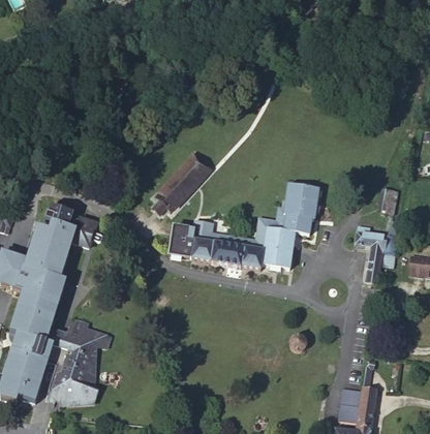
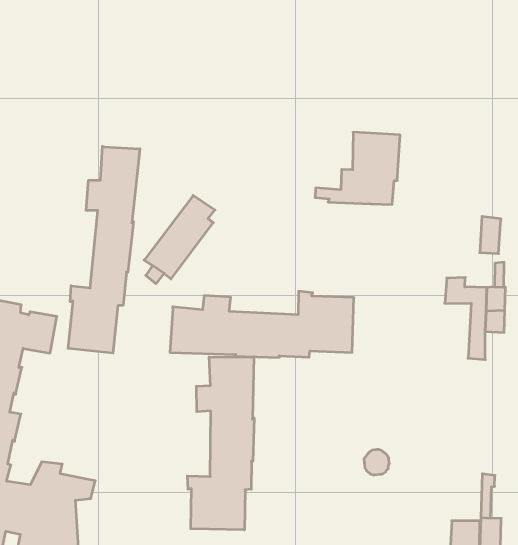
building: none -> [68,146,140,353]
building: [257,184,318,235] -> [315,132,400,204]
building: none -> [187,357,254,530]

